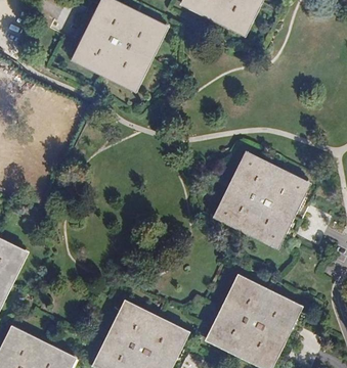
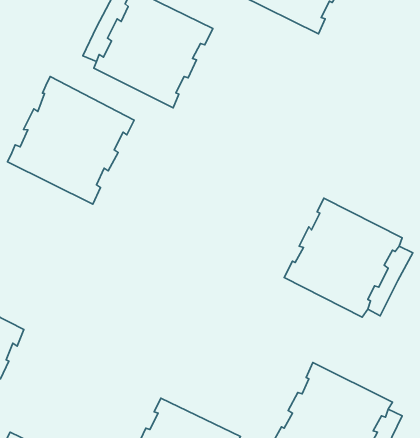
building: none -> [7,77,134,204]

